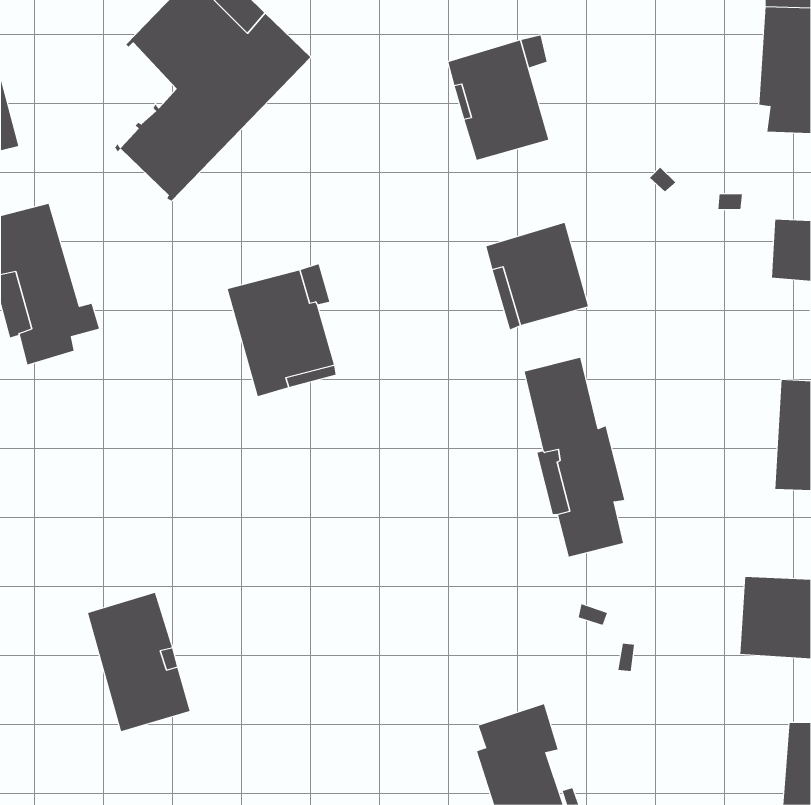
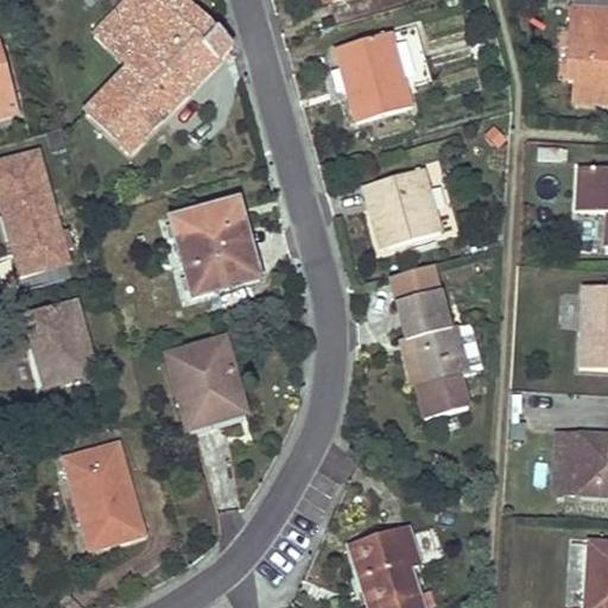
building: none -> [25,300,96,387]
building: none -> [170,338,248,429]

